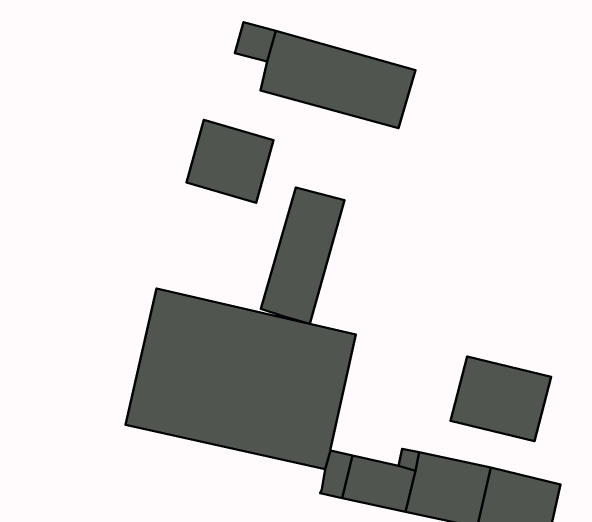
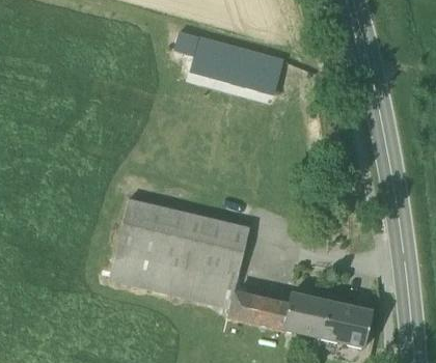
building: [186,120,274,203] -> none
building: [261,187,344,324] -> none
building: [450,356,551,441] -> none

